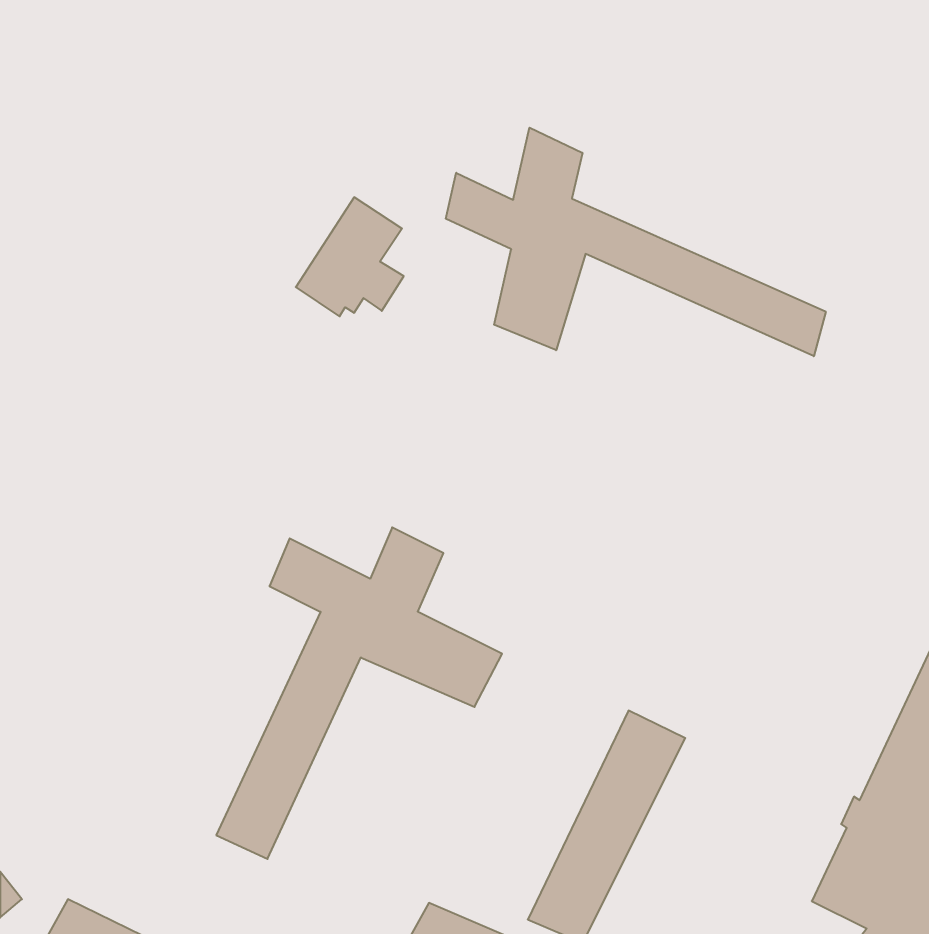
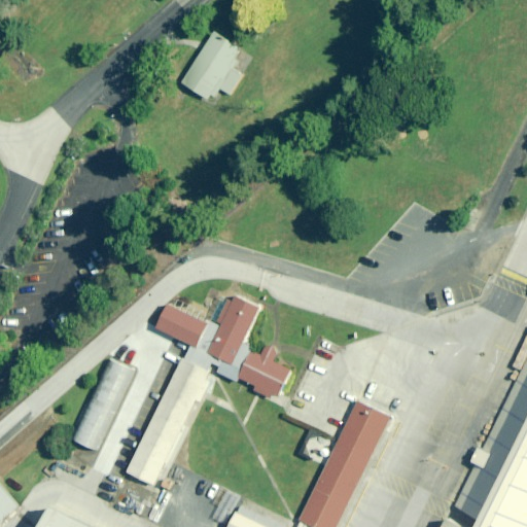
building: [446,128,826,356] -> none
building: [296,197,404,316] -> [189,34,250,101]
building: none -> [72,359,137,454]

